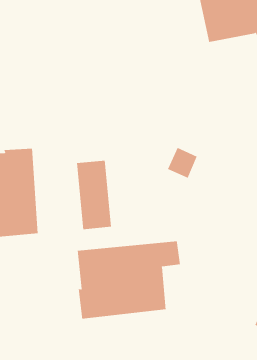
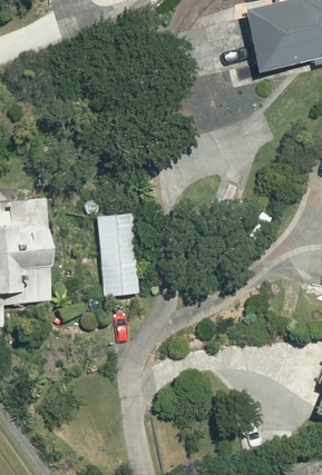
building: [77,241,180,320] -> none

